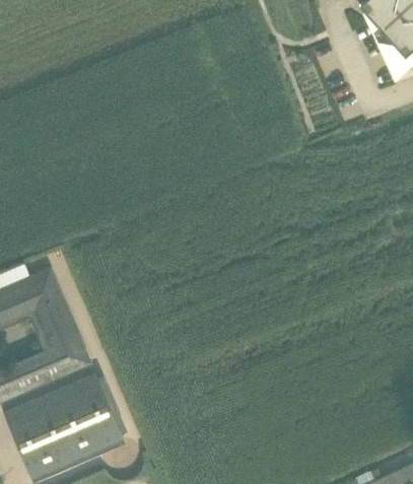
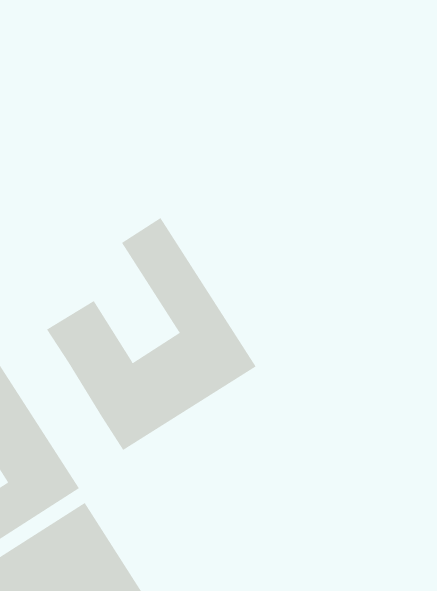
building: none -> [46,217,257,451]

